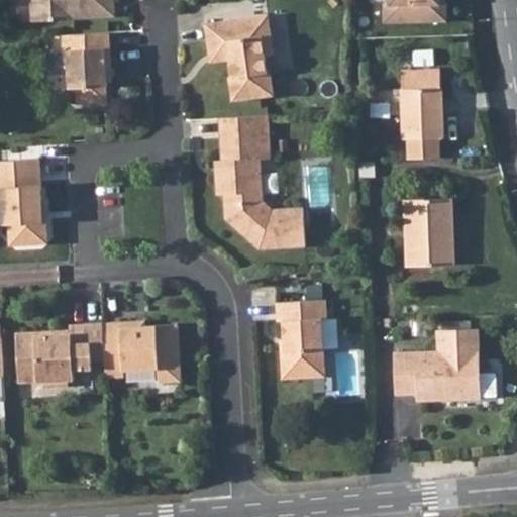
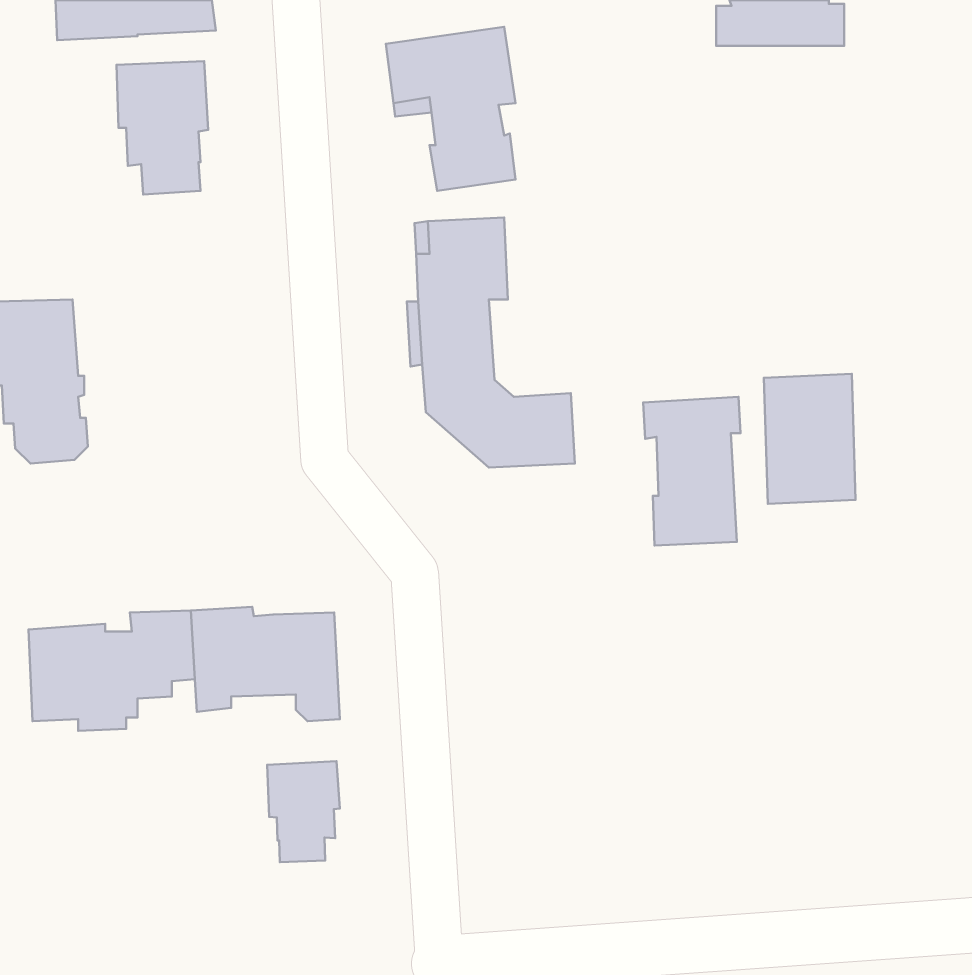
building: [400,70,442,159] -> none
building: [275,299,326,378] -> [643,397,741,546]
building: [395,330,481,398] -> none
building: none -> [267,761,340,862]

